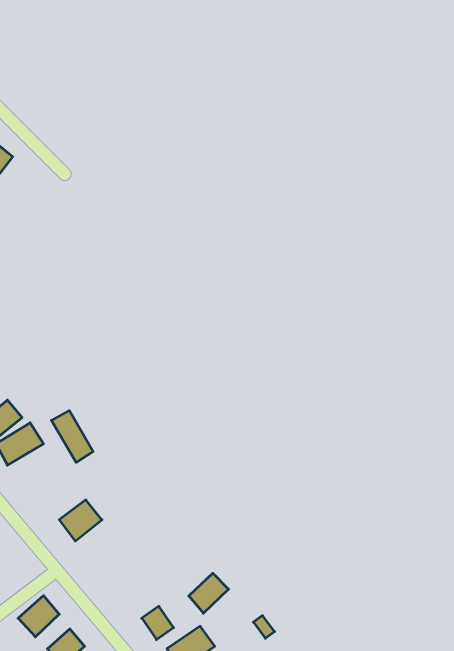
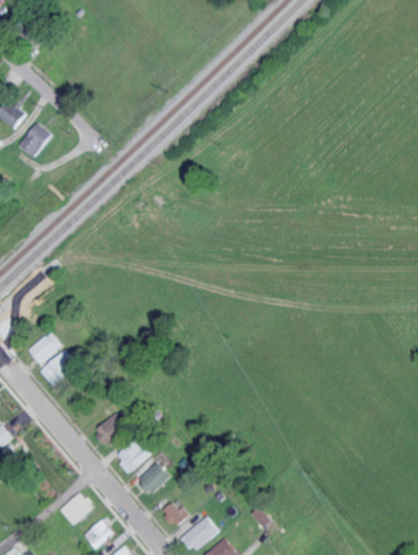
building: [51,411,93,462] -> none
building: none -> [113,439,147,473]
building: [189,573,229,613] -> [135,463,168,495]

